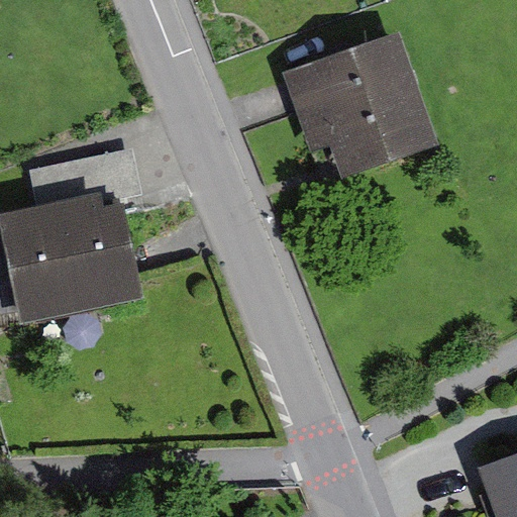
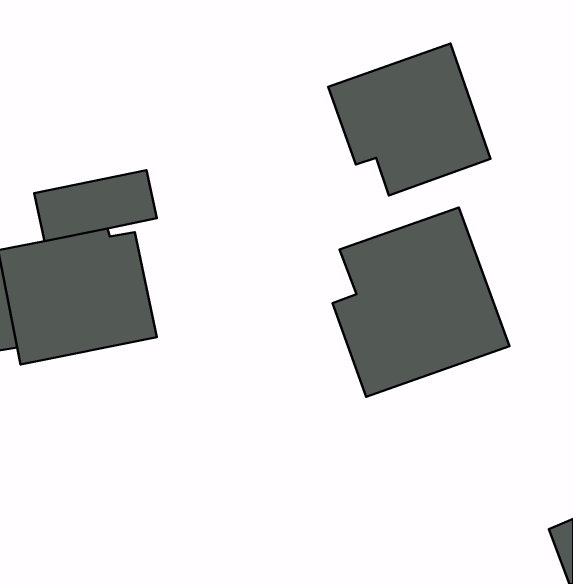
building: none -> [333,207,509,397]

